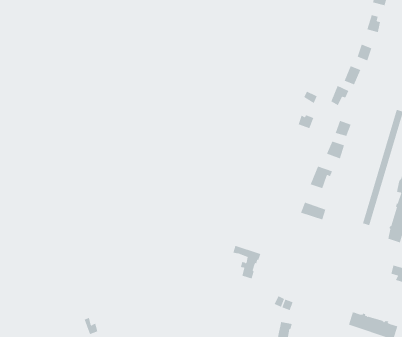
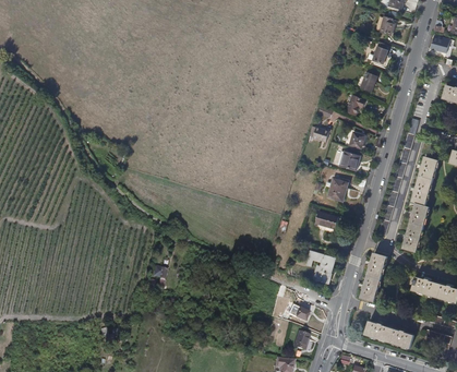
building: none -> [359,252,386,301]
building: [233,245,261,279] -> [306,251,335,285]

